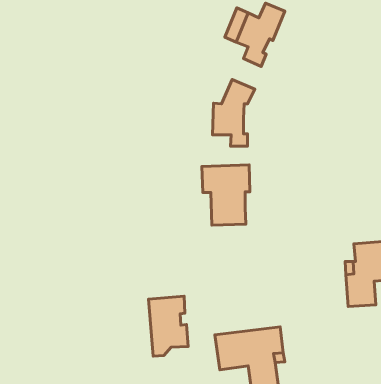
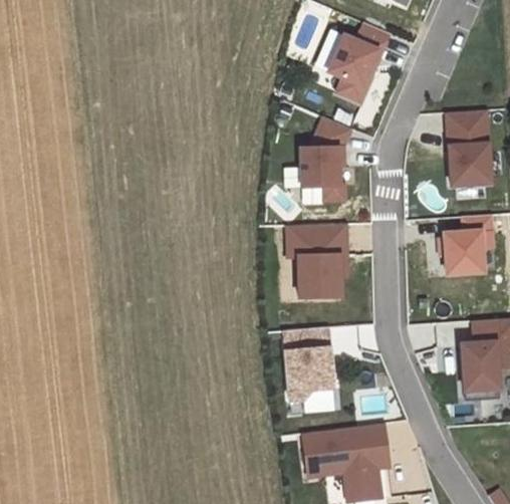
building: none -> [449,110,492,187]
building: none -> [444,216,492,275]
building: [148,296,188,356] -> [283,328,332,403]

